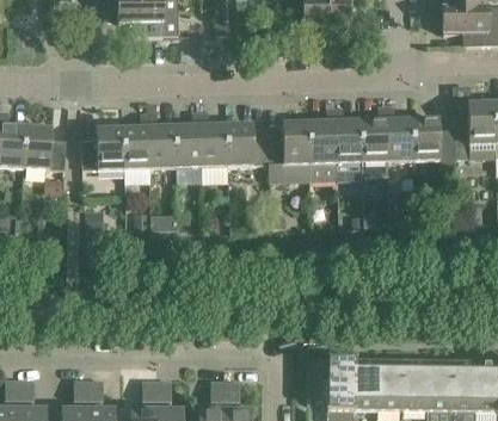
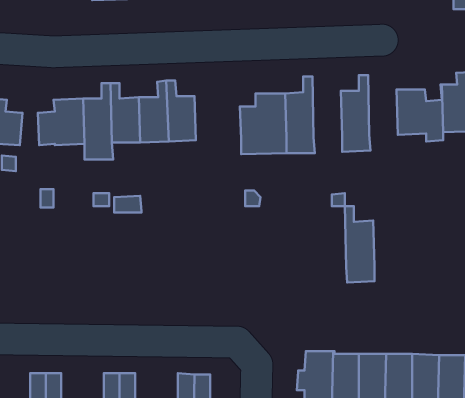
building: [386,106,413,161] -> none
building: [334,107,362,178] -> [345,206,374,283]
building: [226,124,269,166] -> none

